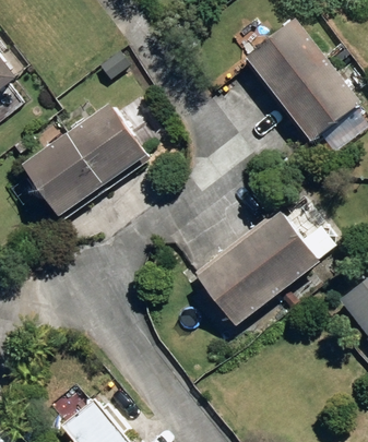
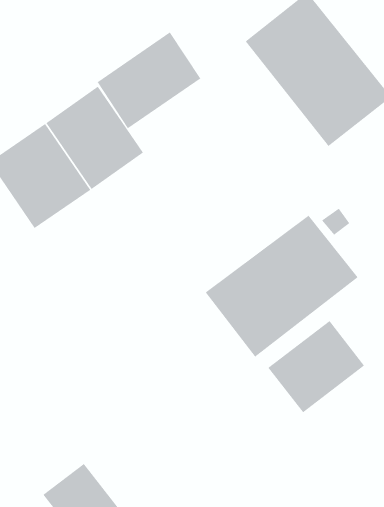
building: none -> [97,32,201,129]
building: none -> [268,320,365,413]

